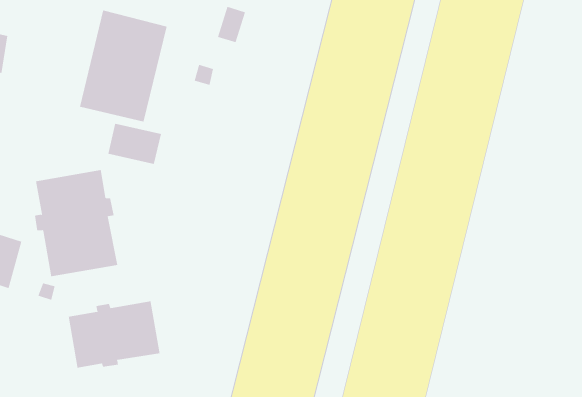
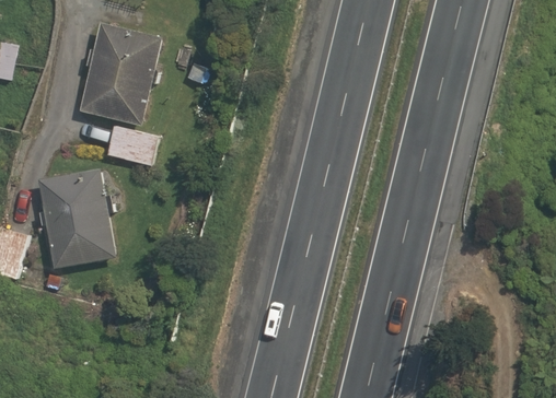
building: [68,301,160,369] -> none

